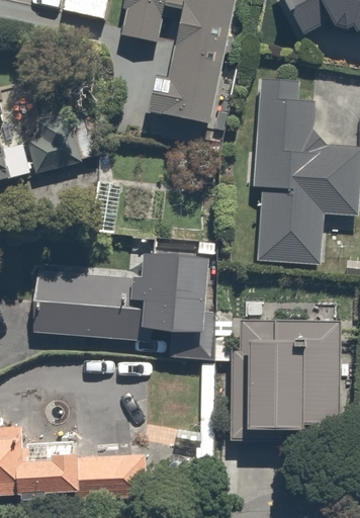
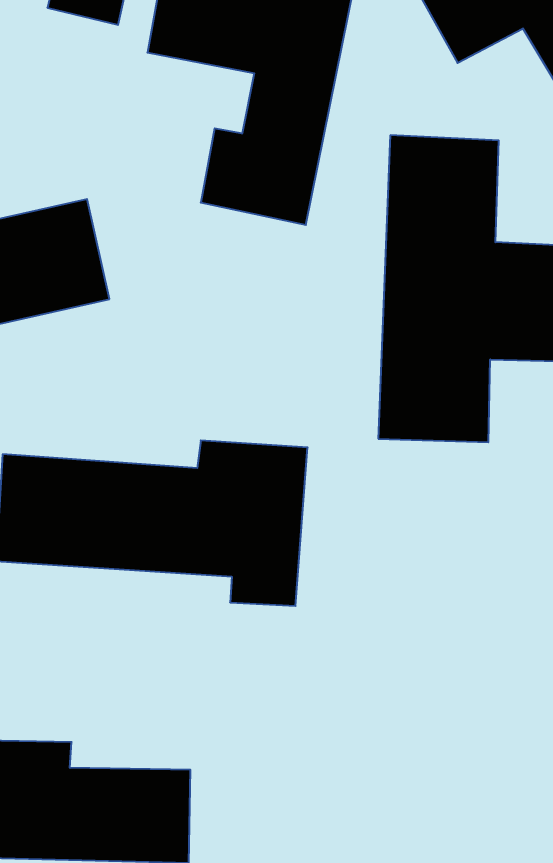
building: [236,318,341,435] -> none

